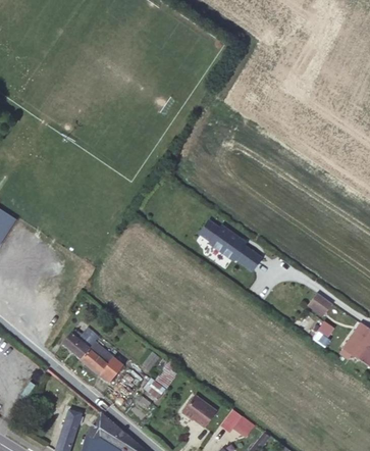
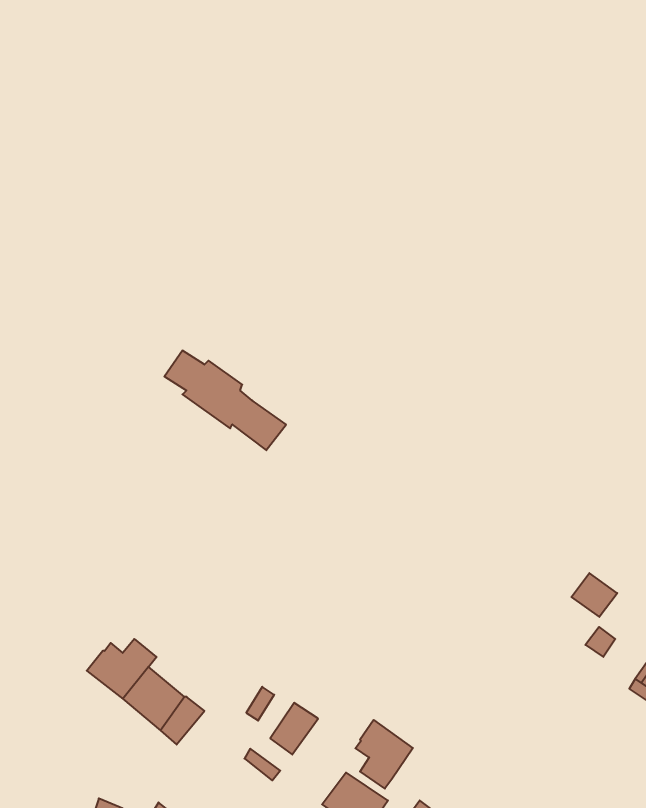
building: [200,223,262,274] -> [164,351,286,450]
building: none -> [355,720,413,789]

